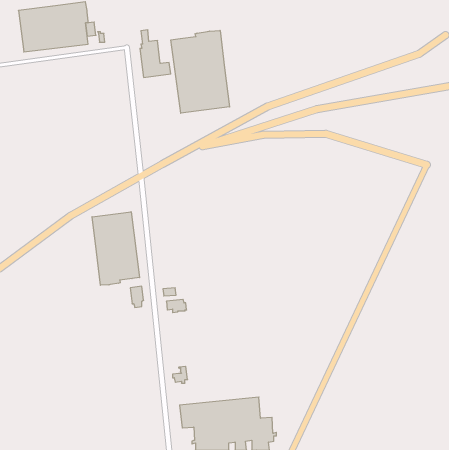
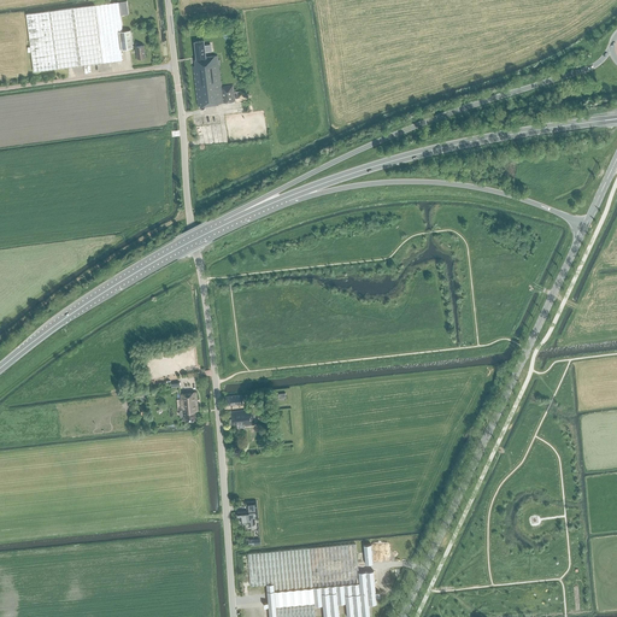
building: [171,30,230,113] -> none
building: [92,212,140,285] -> none

